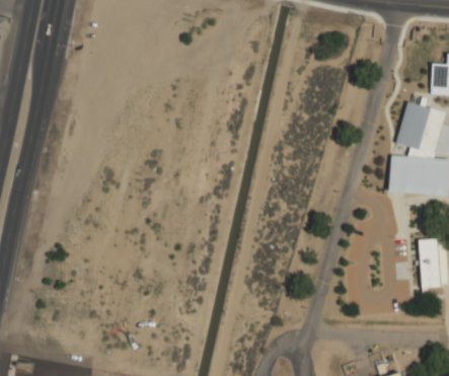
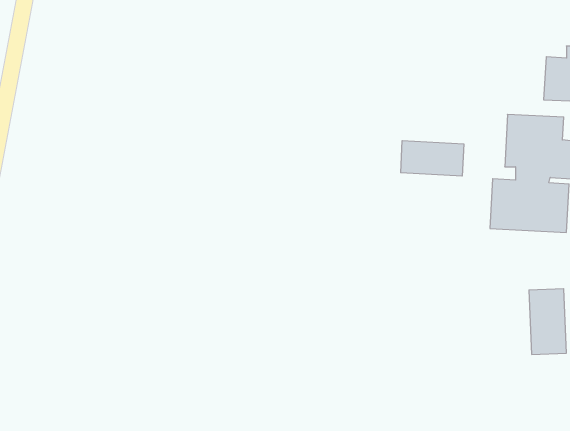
building: none -> [401,141,464,176]

